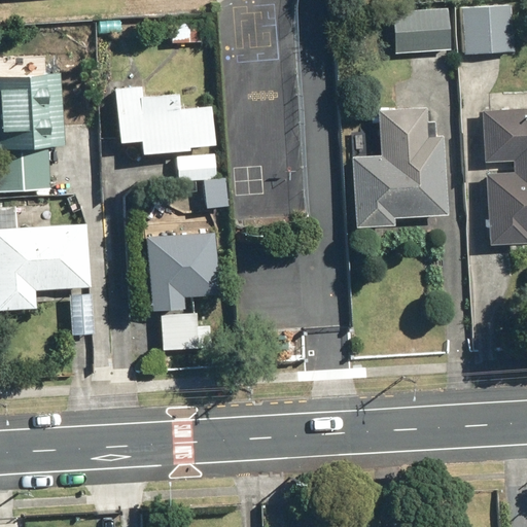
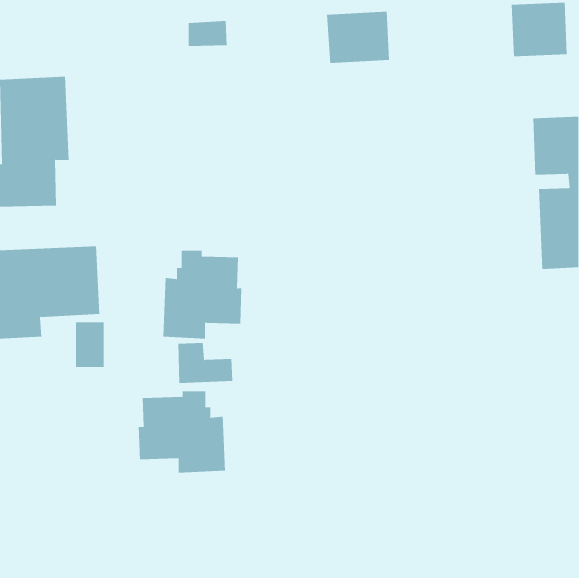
building: [393,7,451,55] -> [326,11,390,64]
building: [114,85,216,187] -> none
building: [353,107,447,227] -> none
building: none -> [138,391,225,474]

